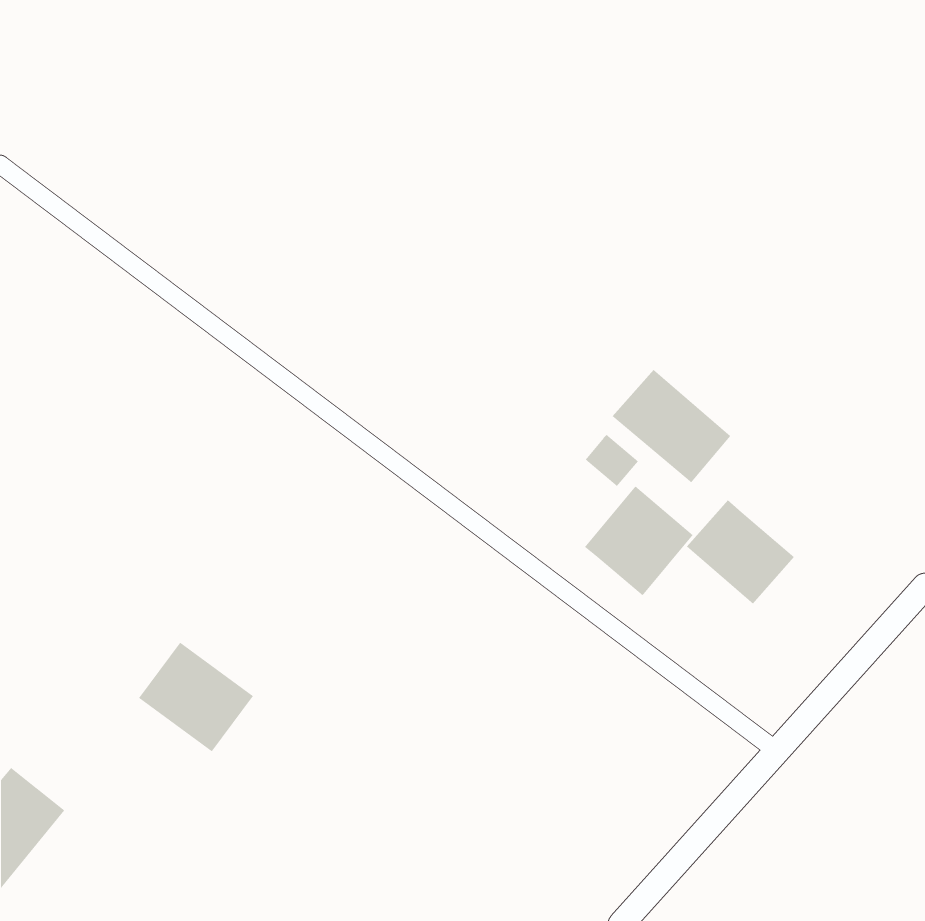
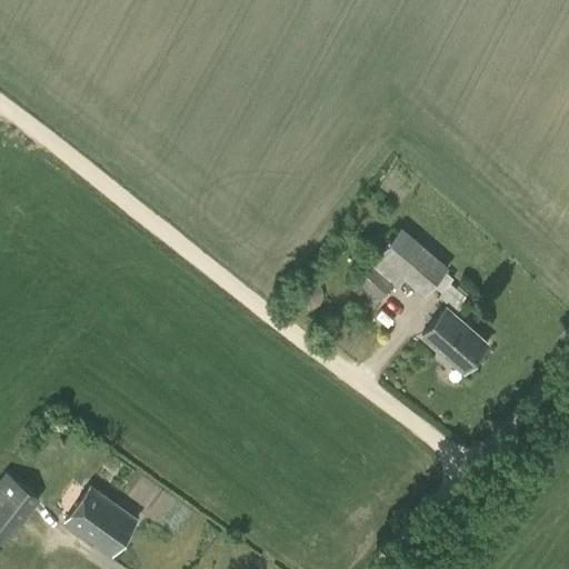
building: [584,485,694,596] -> none
building: [138,642,254,752] -> [66,488,137,556]

